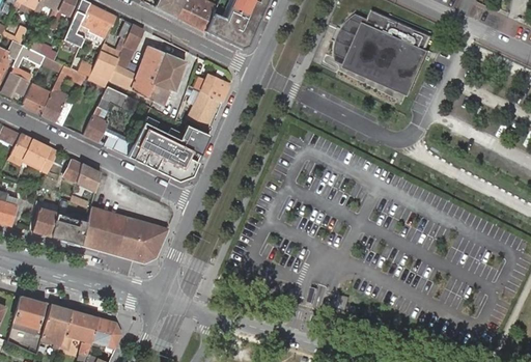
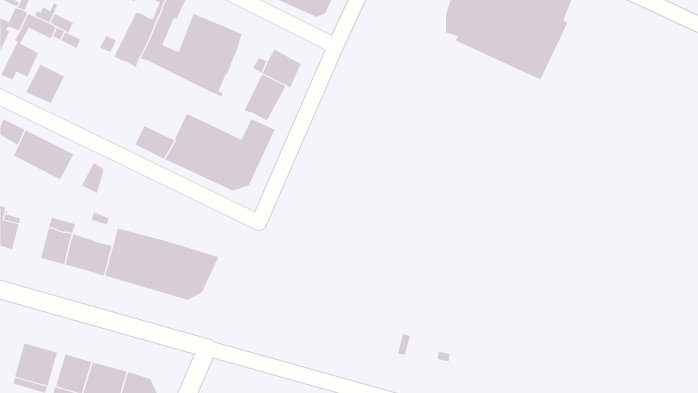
building: [39,78,73,126] -> none
building: [82,86,127,142] -> none
building: [75,164,100,192] -> none

